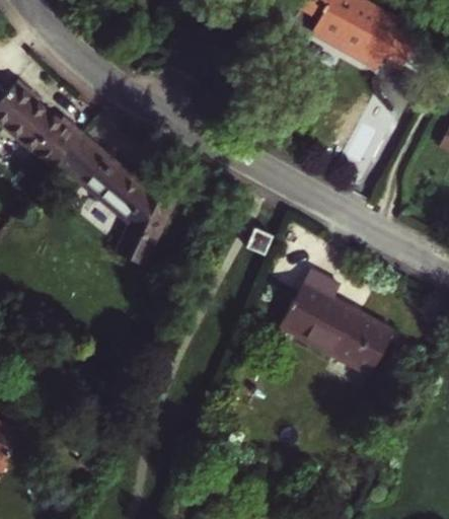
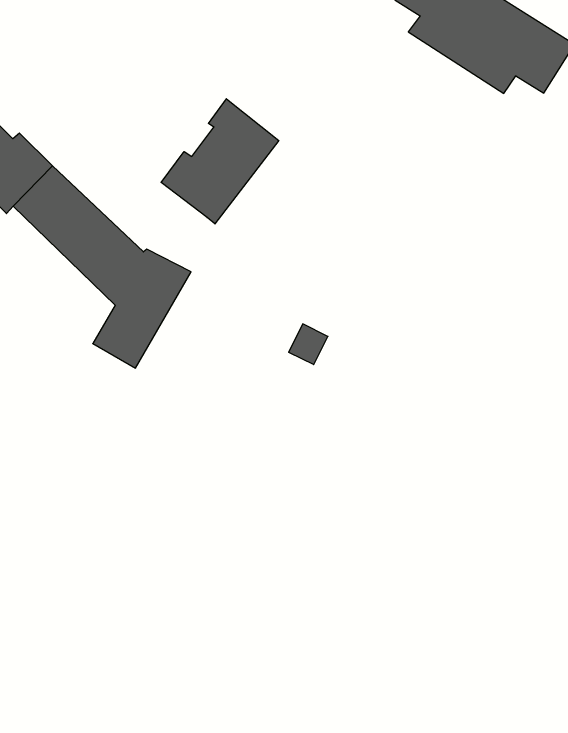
building: none -> [161,99,279,224]
building: [278,267,392,375] -> none

